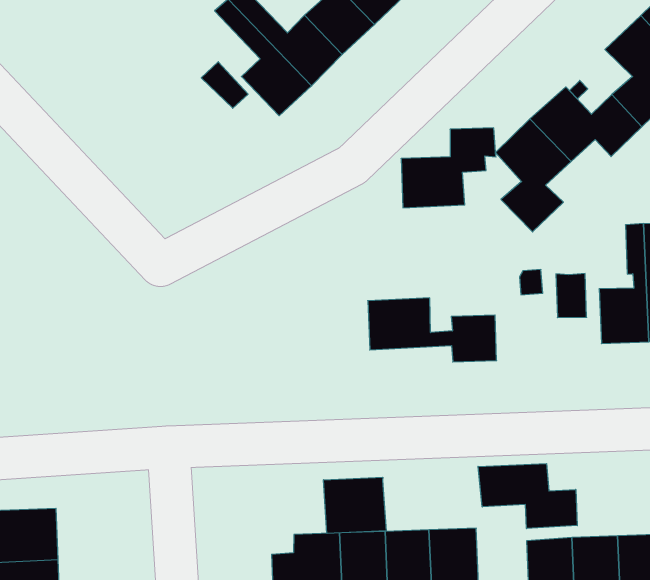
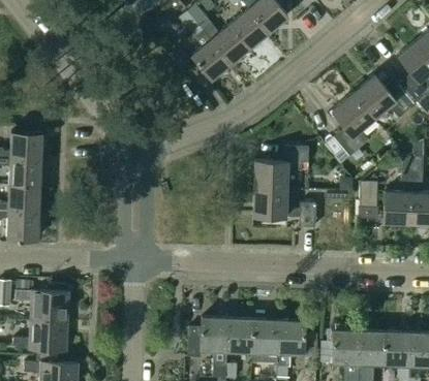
building: [401,128,496,208] -> [253,146,308,189]
building: [478,464,577,529] -> none
building: [324,477,386,533] -> none

